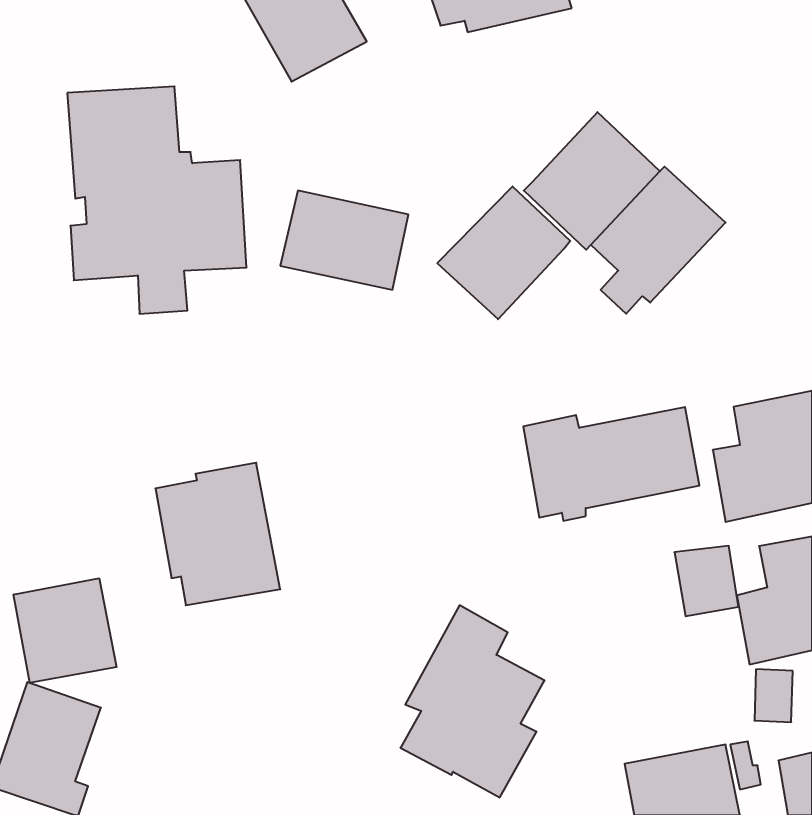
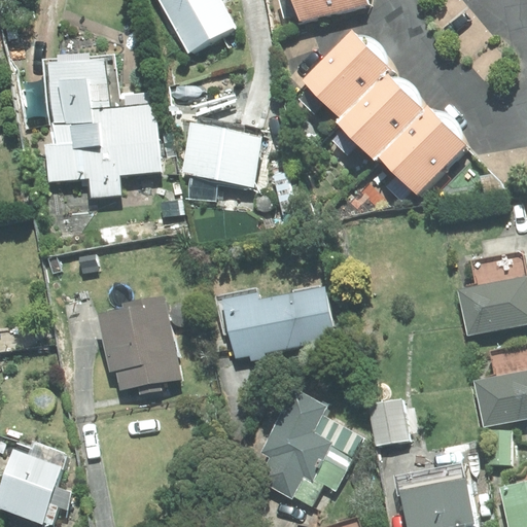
building: [437,186,570,319] -> [303,32,388,117]
building: [523,407,699,521] -> [223,287,337,360]
building: [674,546,738,616] -> [367,400,409,446]
building: [14,578,117,683] -> none

